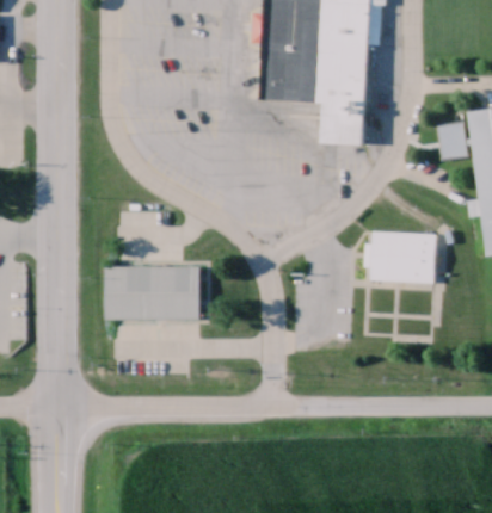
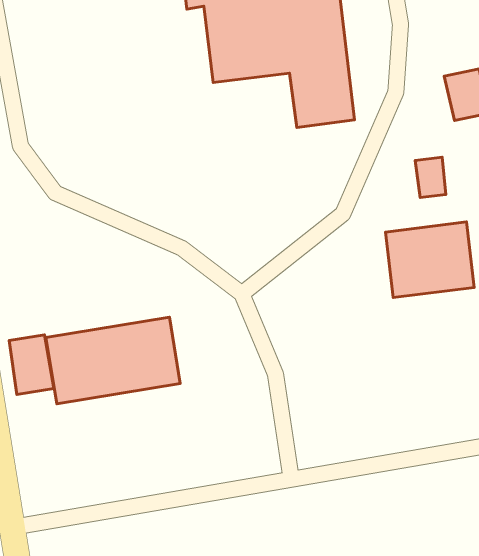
building: none -> [415,157,446,198]
building: none -> [9,335,54,395]

